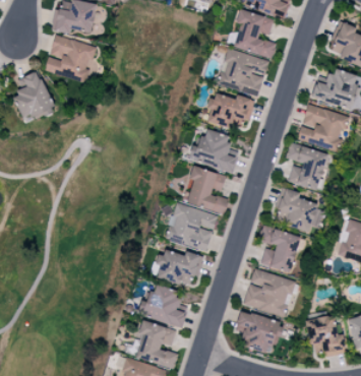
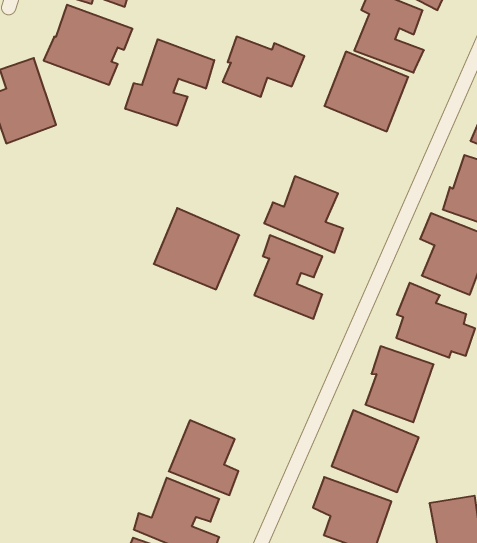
building: none -> [125,39,214,126]
building: [206,92,255,128] -> [223,37,304,97]
building: [167,203,218,251] -> [154,208,239,289]
building: [153,248,204,286] -> none

